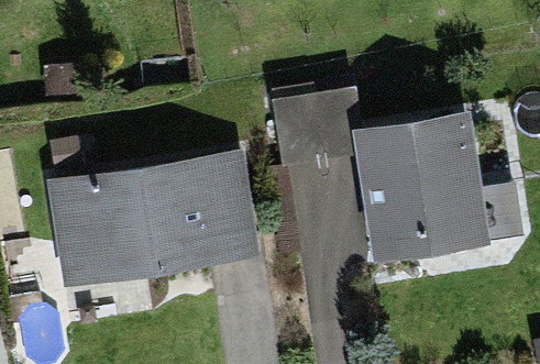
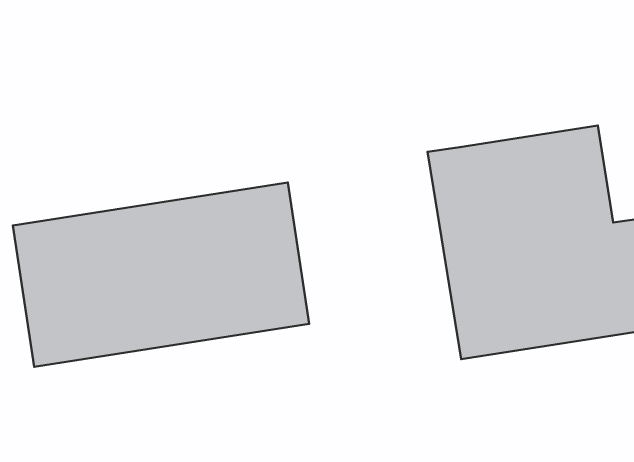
building: [279,87,367,164] -> none

